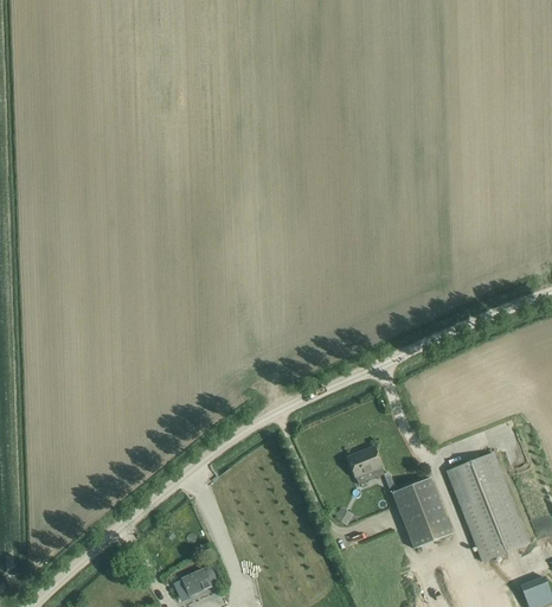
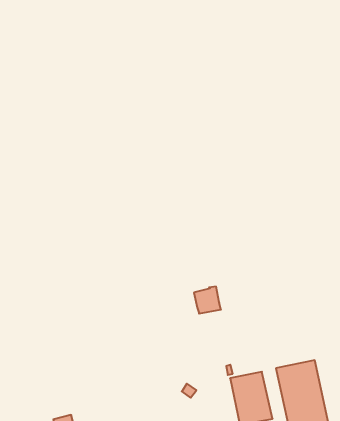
building: [348,446,385,483] -> [194,287,221,314]

